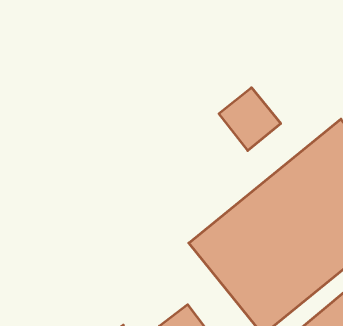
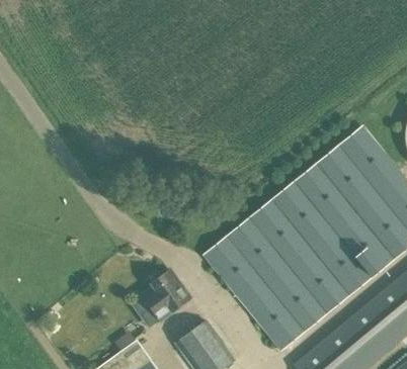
building: [219,88,281,151] -> none
building: none -> [141,269,189,319]

